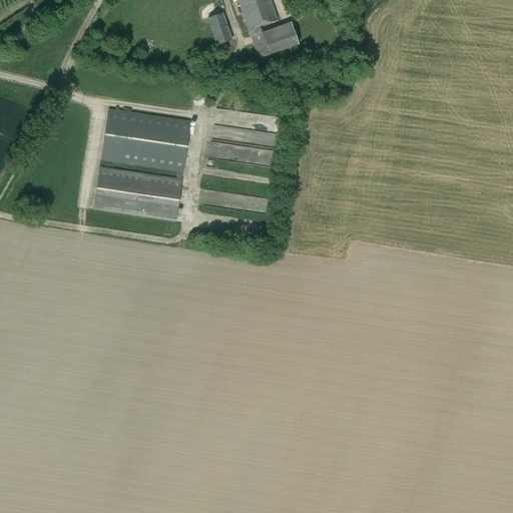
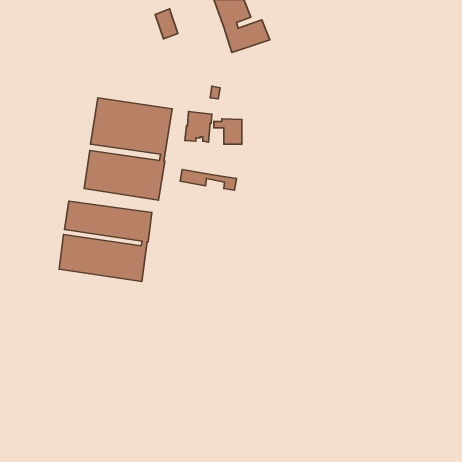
building: [207,12,232,45] -> [155,9,178,39]
building: none -> [59,201,152,281]

